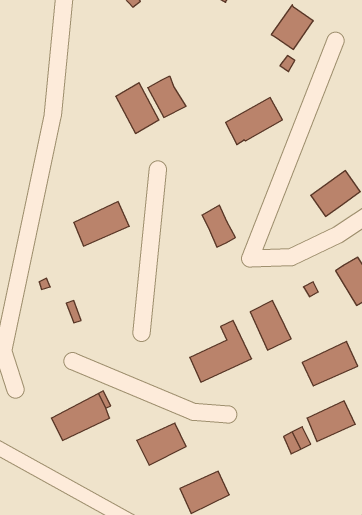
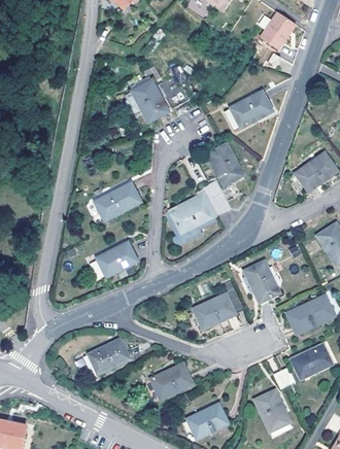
building: none -> [207,145,242,185]
building: none -> [173,199,213,234]
building: none -> [96,237,137,271]
building: none -> [253,388,287,430]

